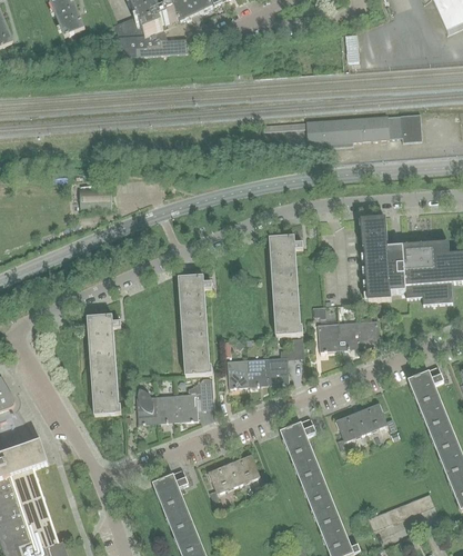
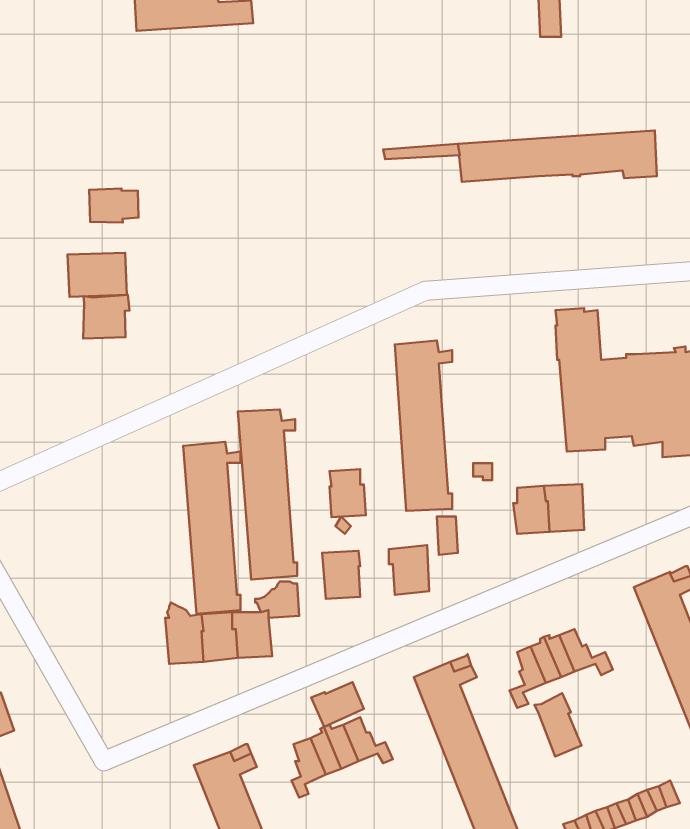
building: none -> [89,189,138,223]
building: none -> [83,295,129,339]
building: [87,315,120,415] -> [183,442,241,614]
building: [318,321,340,349] -> none
building: [248,357,269,385] -> [329,469,366,517]
building: none -> [311,682,364,727]
building: none -> [535,693,581,757]

